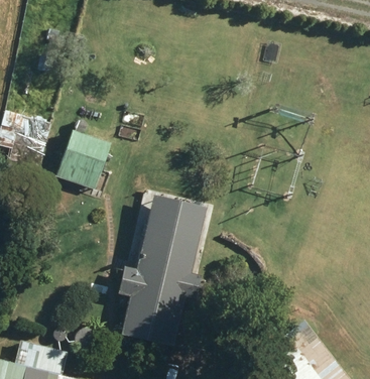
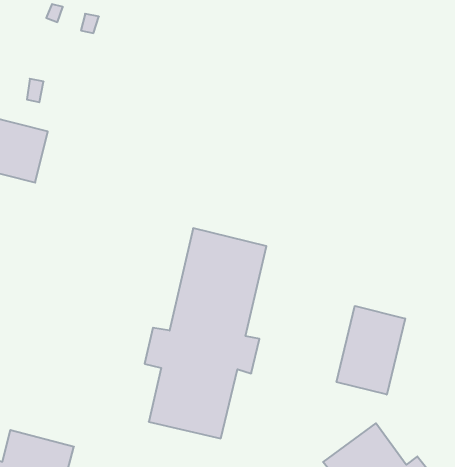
building: [55,129,112,192] -> none
building: none -> [337,306,405,395]

